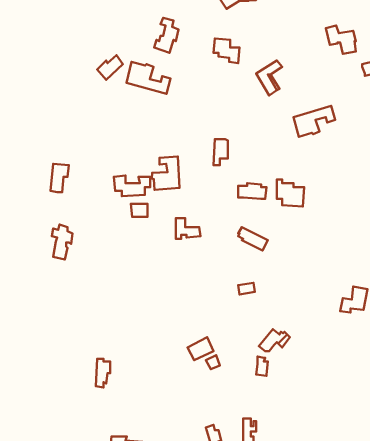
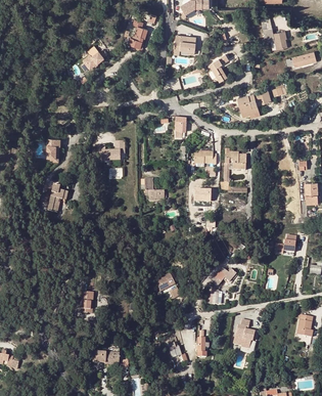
building: [127,62,170,94] -> none
building: [152,156,180,190] -> none
building: none -> [232,319,254,348]

